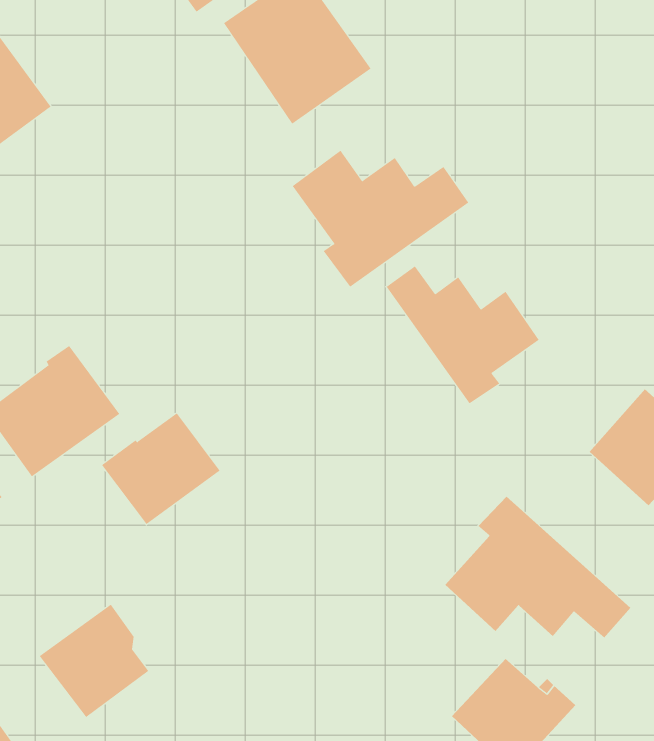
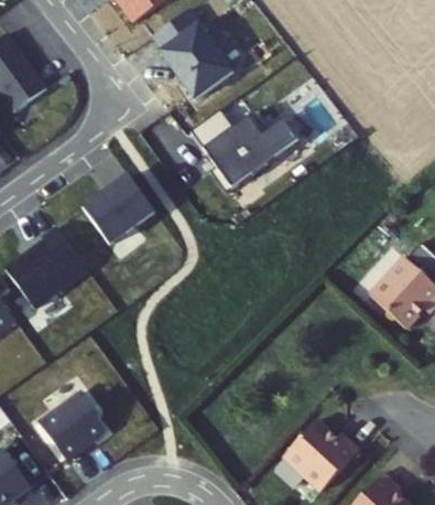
building: [386,265,540,404] -> none
building: [101,413,221,525] -> [80,179,153,247]
building: [444,496,631,638] -> none

